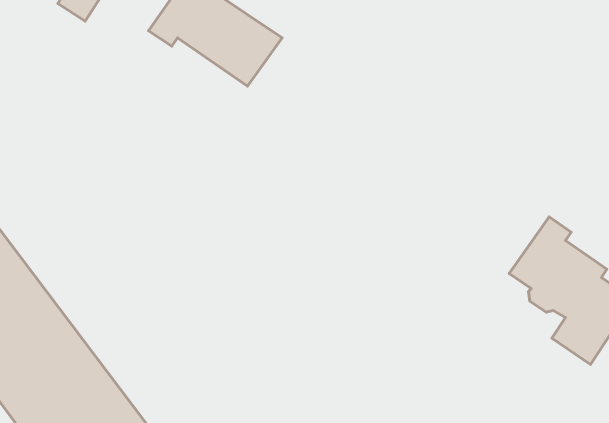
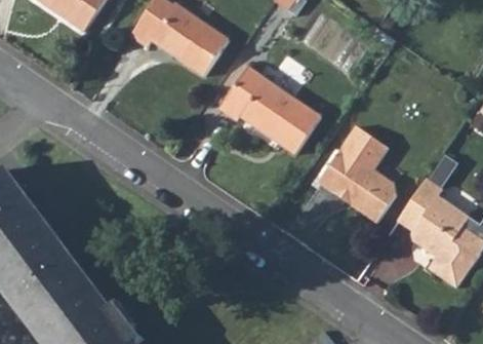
building: none -> [216,68,317,155]
building: none -> [318,124,397,221]

